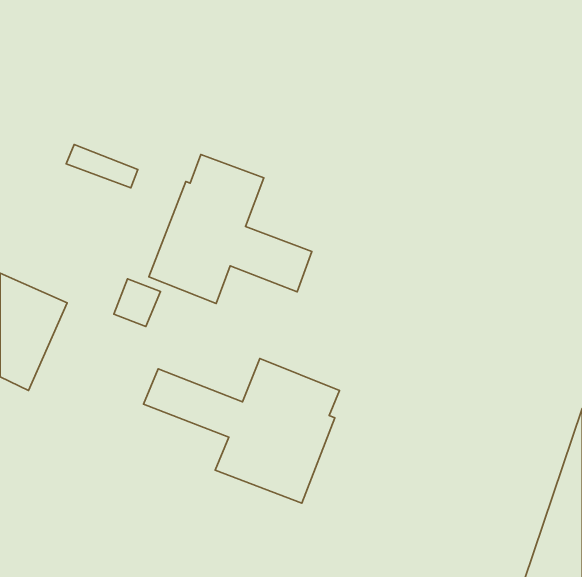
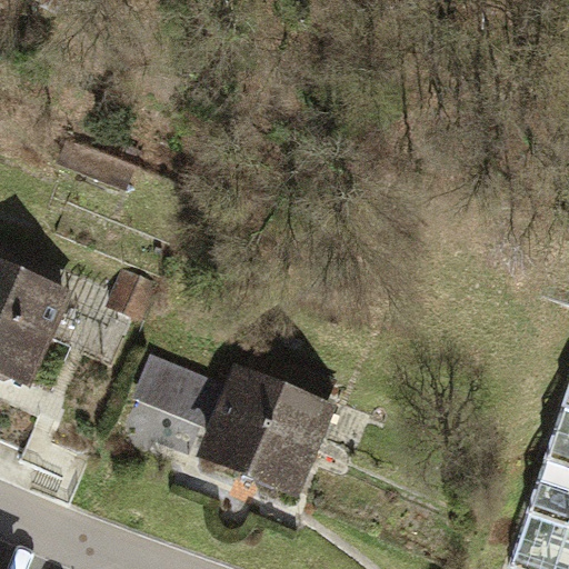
building: [149,155,312,303] -> none

